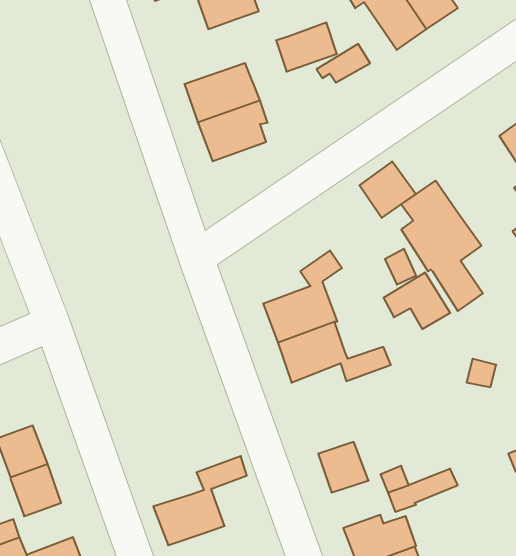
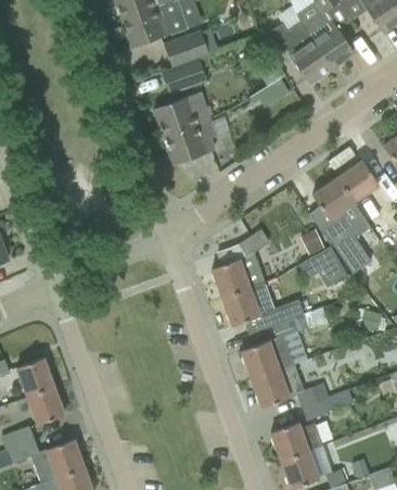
building: [276,23,337,72] -> [162,59,206,95]
building: [359,161,416,218] -> [337,162,379,203]
building: [153,456,247,545] -> [241,314,309,379]

